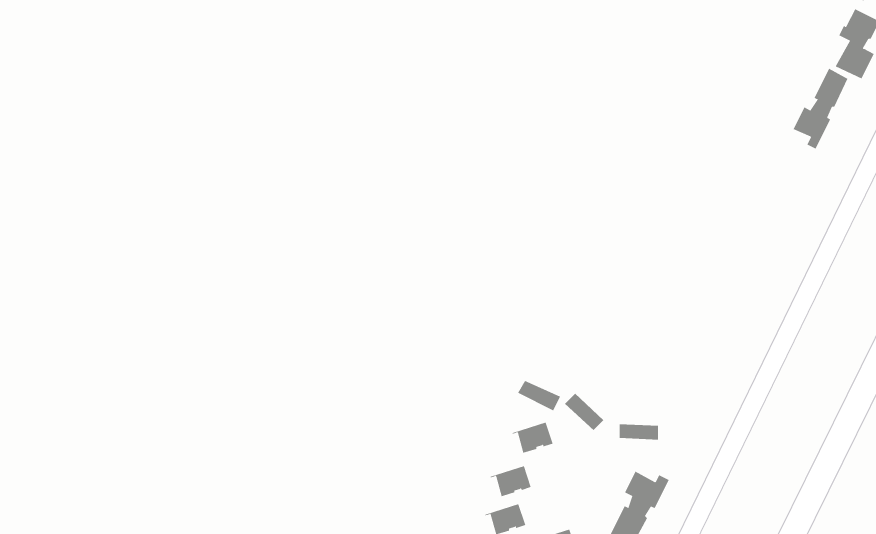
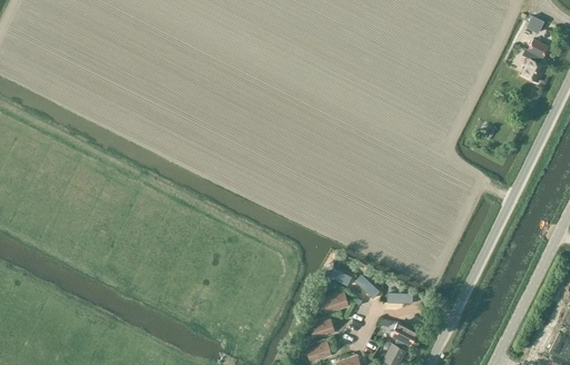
building: [793,68,848,149] -> none

